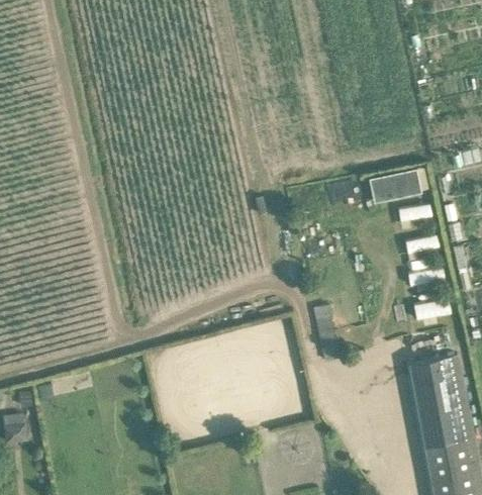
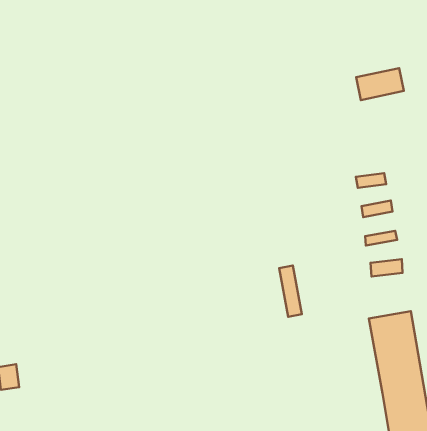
building: [368,169,420,204] -> [356,68,404,100]

